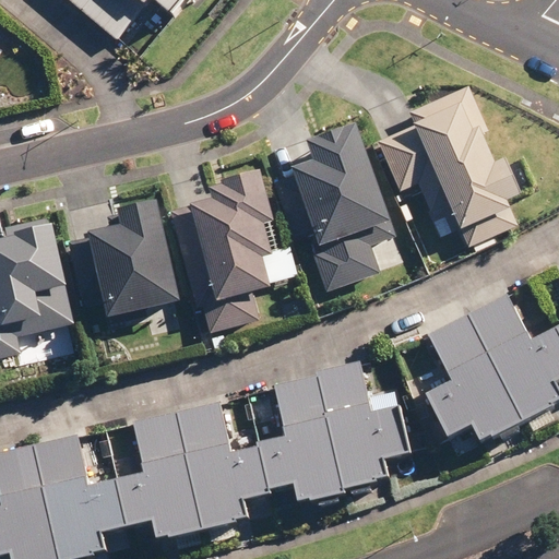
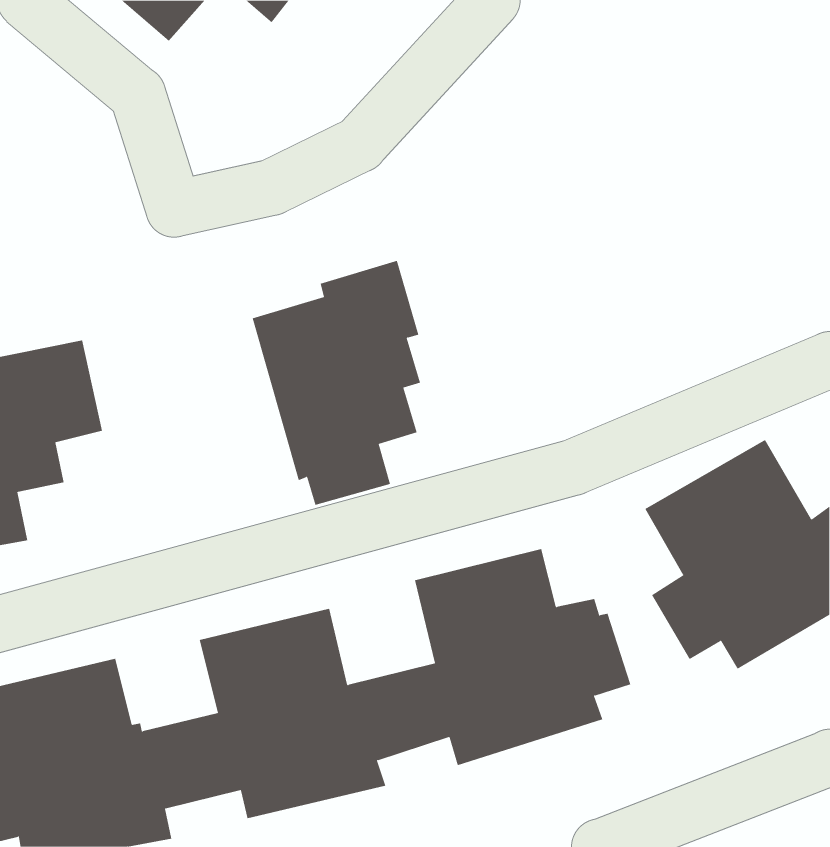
building: [374,85,523,229] -> none
building: [270,123,393,295] -> none
building: [63,199,182,338] -> none

